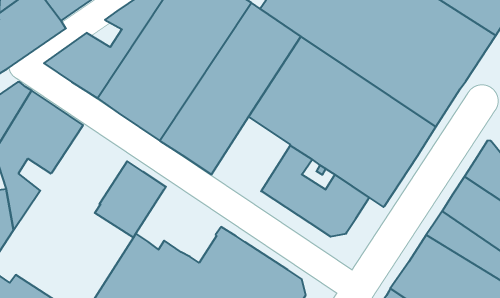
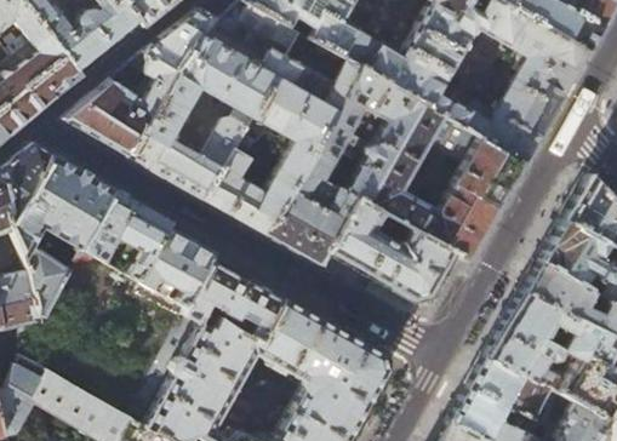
building: none -> [265,166,355,265]
building: none -> [79,189,170,280]
building: none -> [182,258,281,340]

